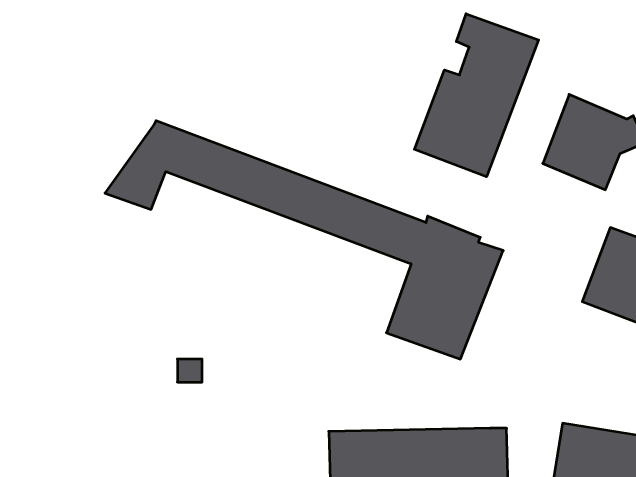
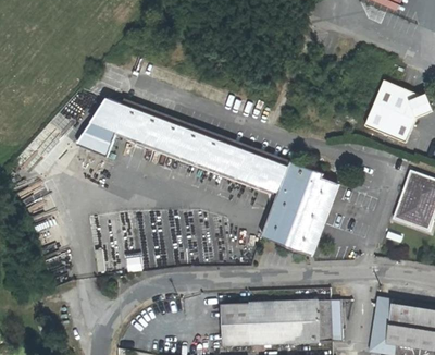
building: [414,14,539,177] -> none

